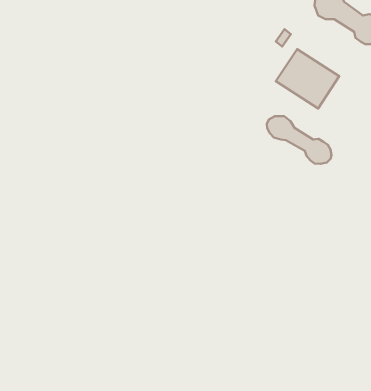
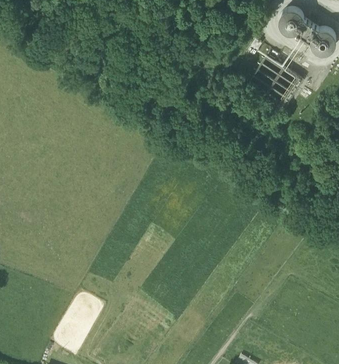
building: [267,116,332,164] -> none

